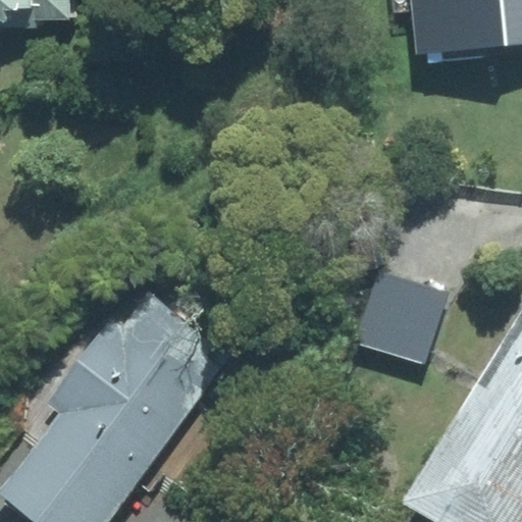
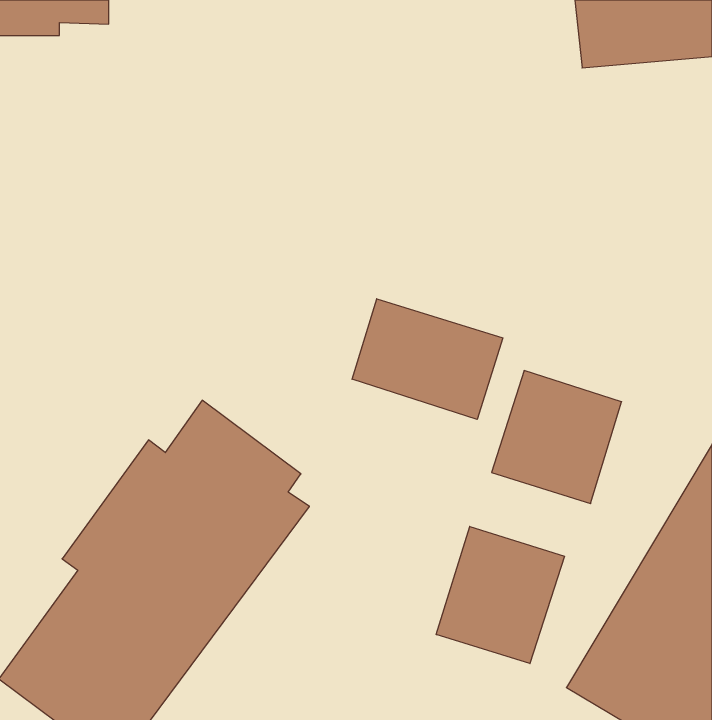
building: none -> [352,299,503,419]
building: none -> [436,526,564,664]

